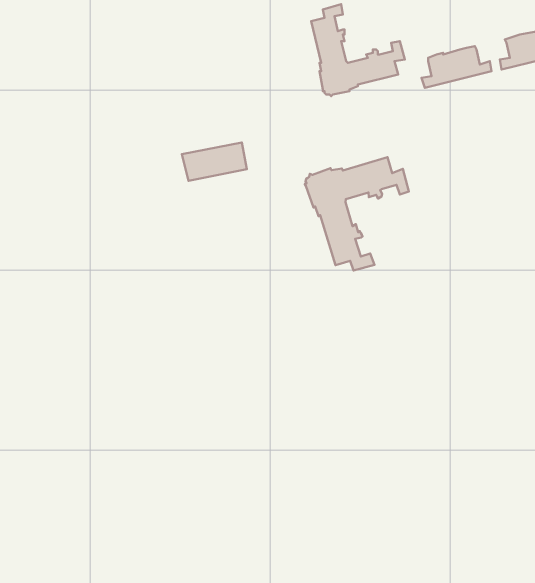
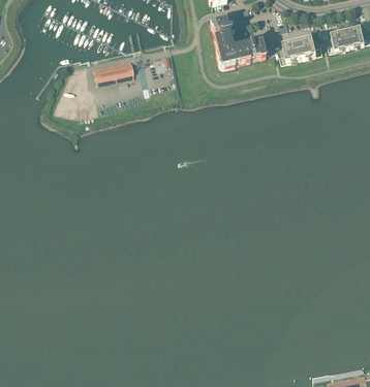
building: [182,142,247,181] -> [93,60,133,84]
building: [305,157,409,271] -> none

